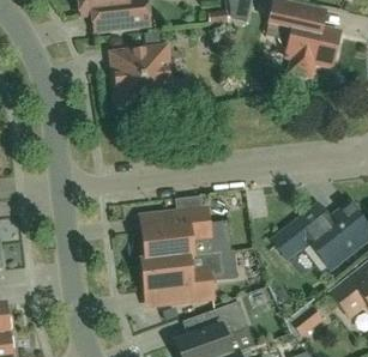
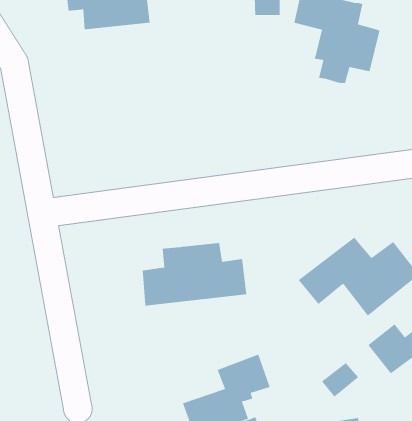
building: [110,46,171,107] -> none
building: [140,250,235,303] -> none

